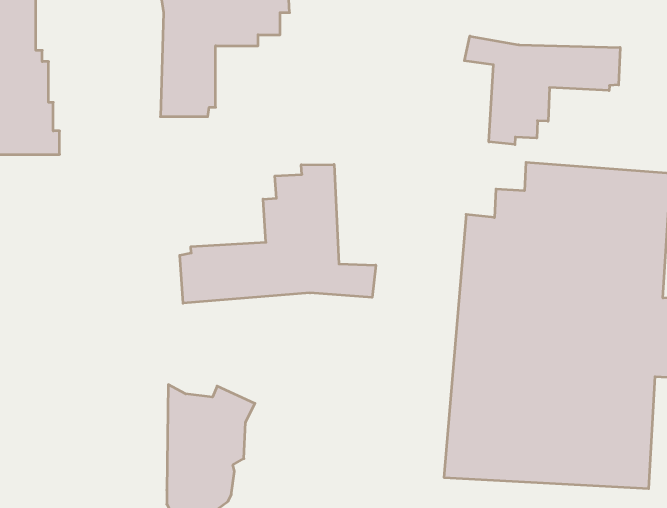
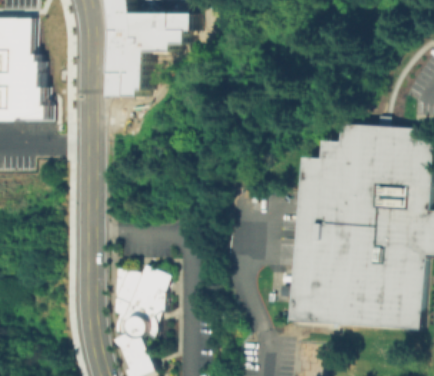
building: [464,36,620,145] -> none
building: [180,164,376,303] -> none

